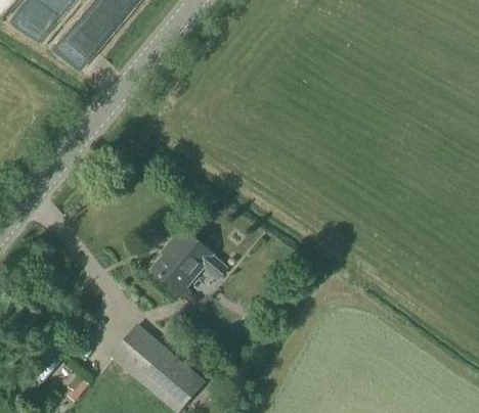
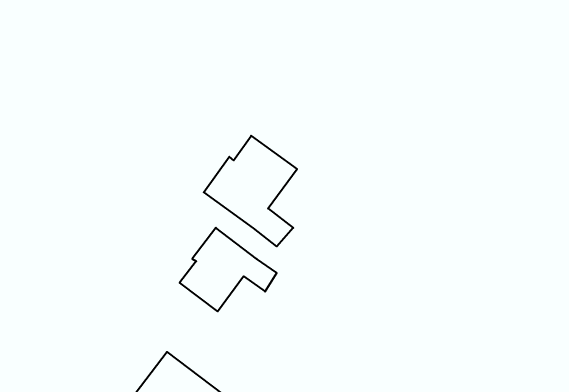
building: none -> [204,136,297,246]

